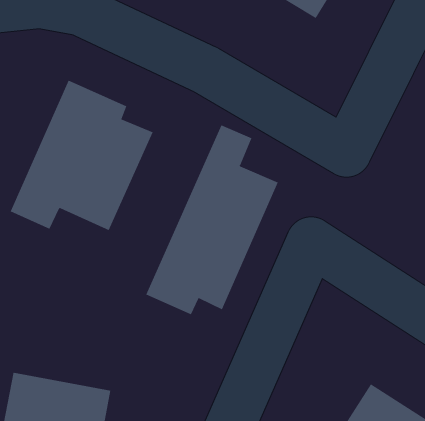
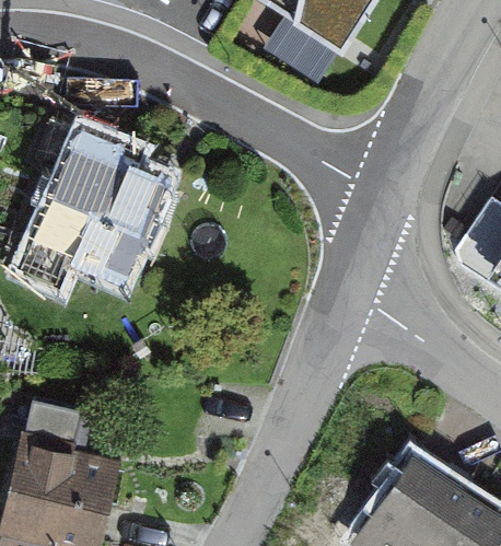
building: [146,125,279,315] -> none

